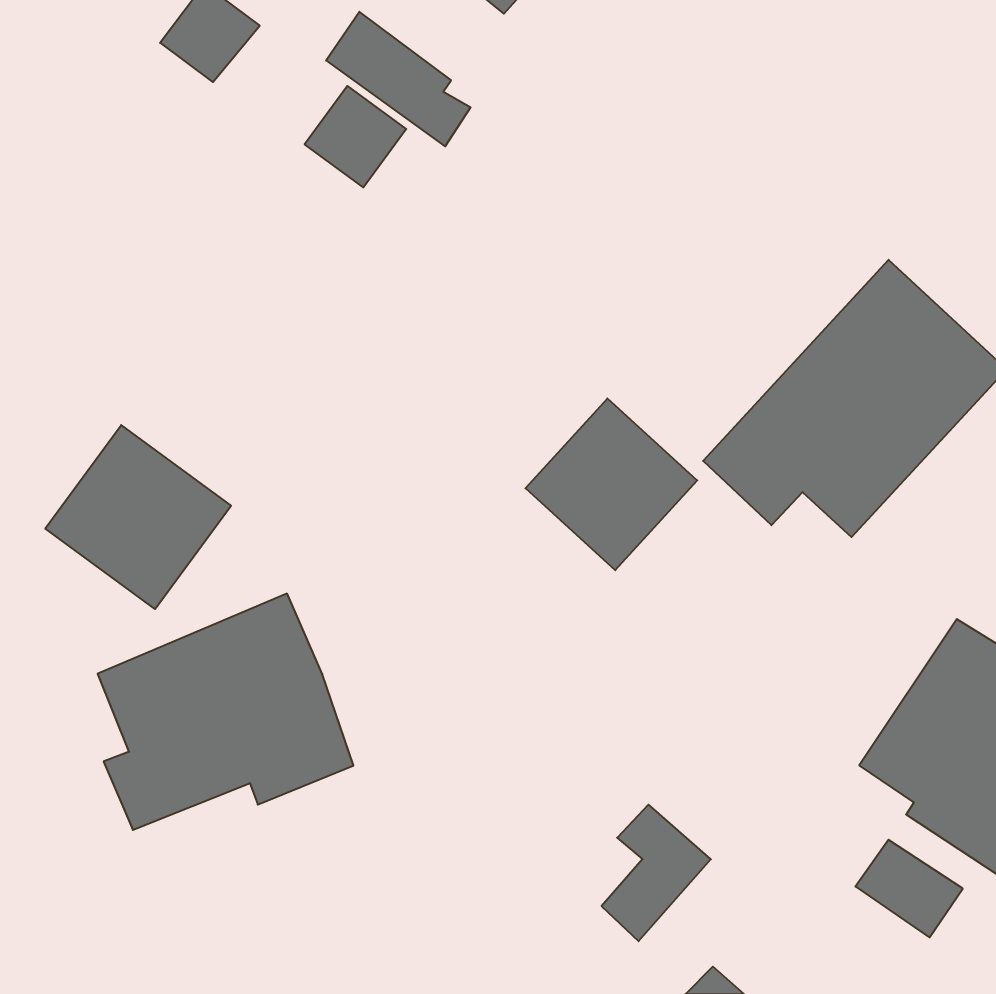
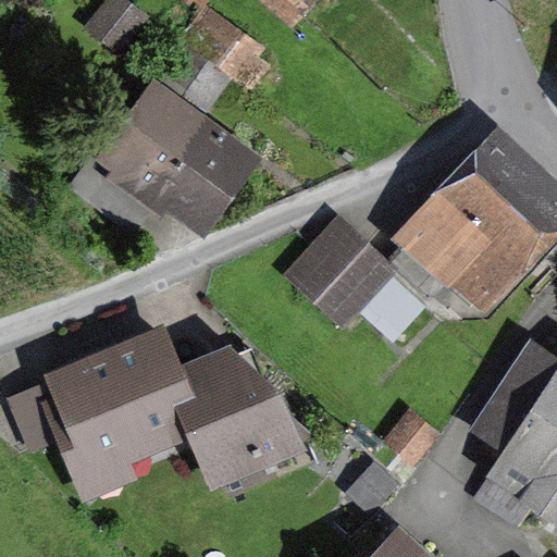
building: none -> [71,89,246,223]
building: [45,425,231,609] -> none
building: none -> [181,357,309,475]

